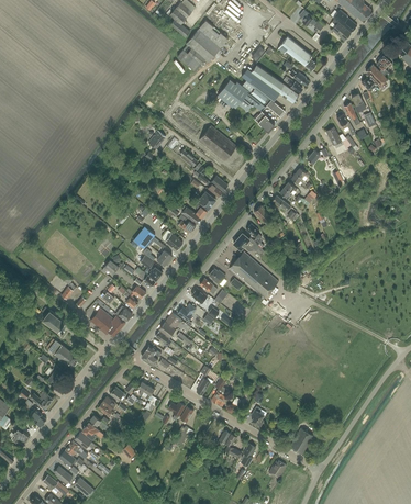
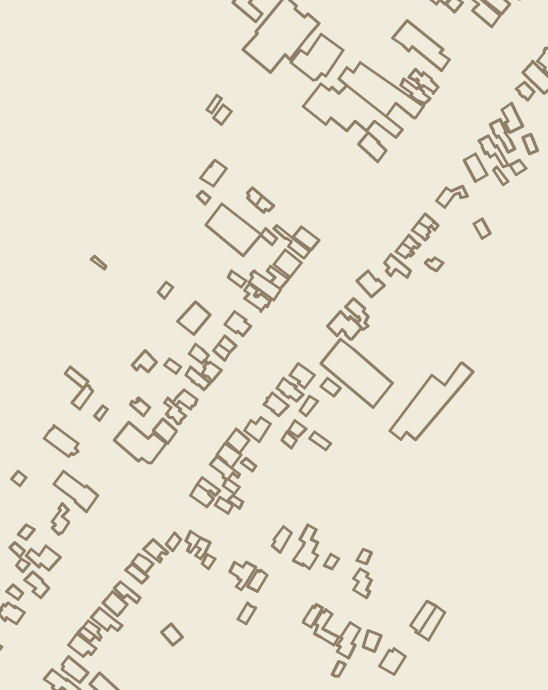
building: none -> [291,34,343,80]
building: [200,125,237,160] -> [206,204,261,256]
building: none -> [390,363,473,440]

